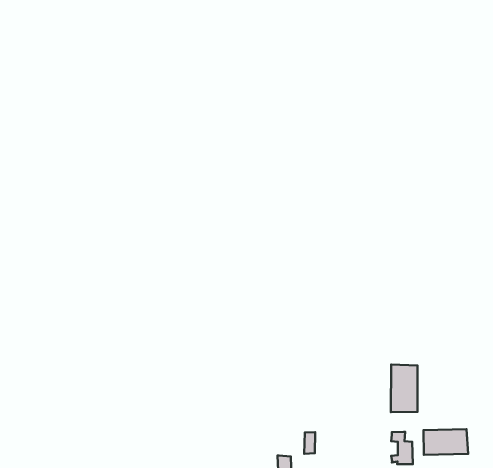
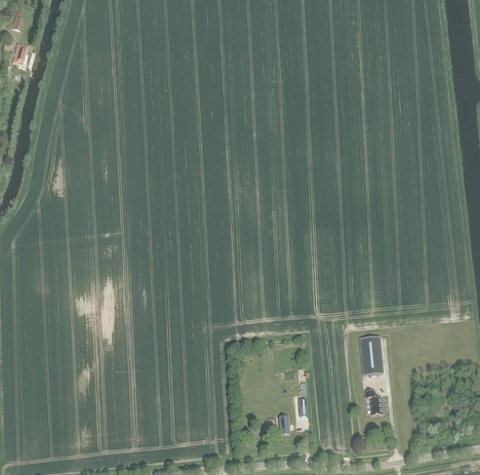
building: [424,429,468,455] -> none

